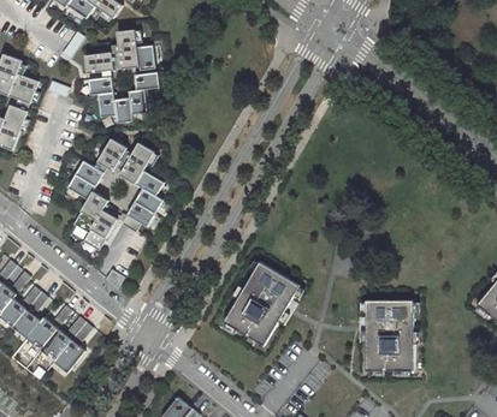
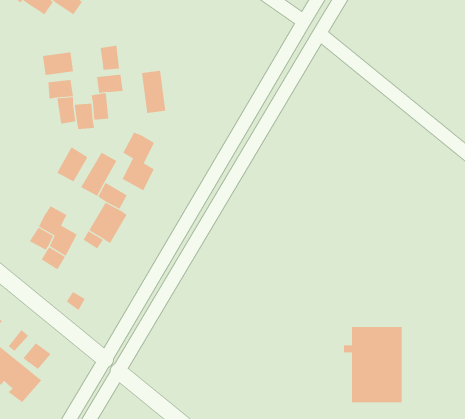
building: [117,28,140,67] -> [141,70,166,114]
building: none -> [122,132,155,191]
building: [67,160,102,198] -> none
building: [225,262,301,346] -> none

